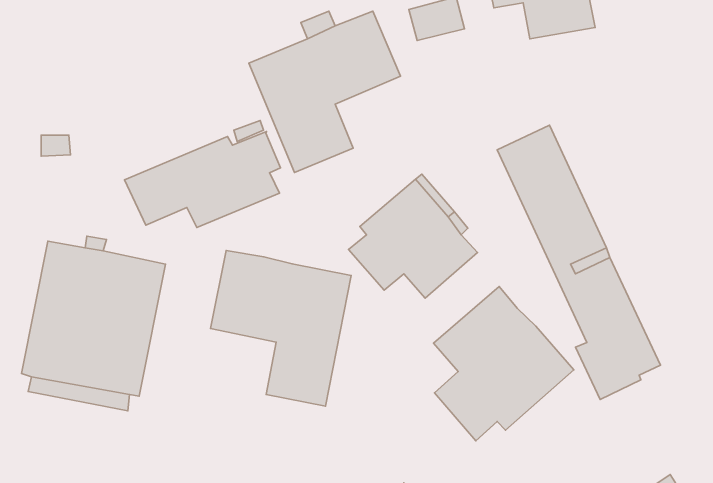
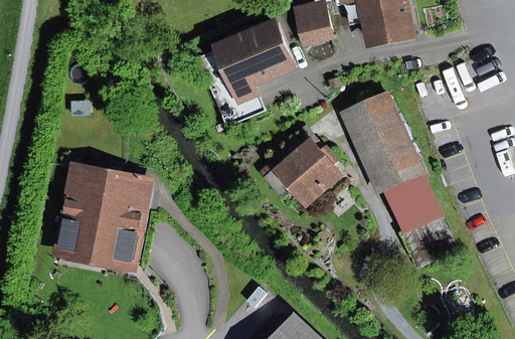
building: [124,131,281,228] -> none
building: [210,251,351,406] -> none
building: [433,287,574,441] -> none

